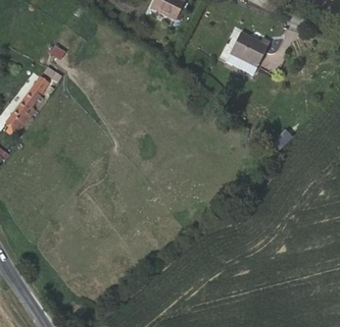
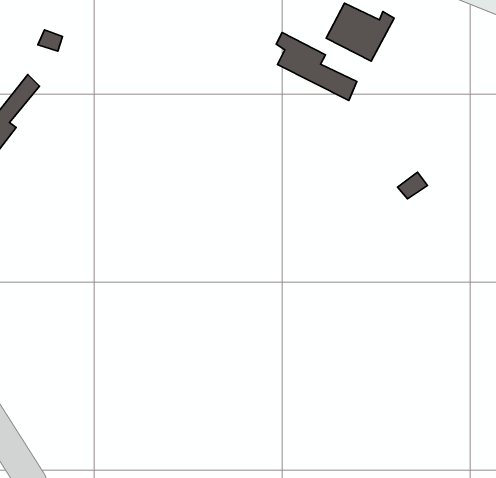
building: none -> [276,32,357,100]

